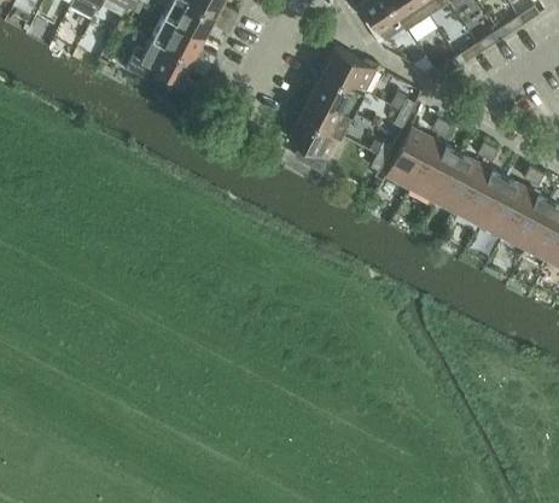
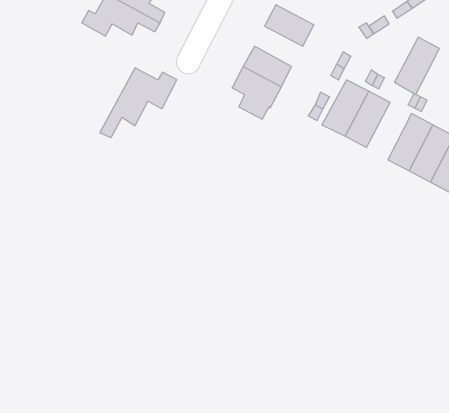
building: [311,71,363,115] -> none
building: none -> [100,68,177,138]
building: [432,153,481,215] -> [395,37,439,95]

